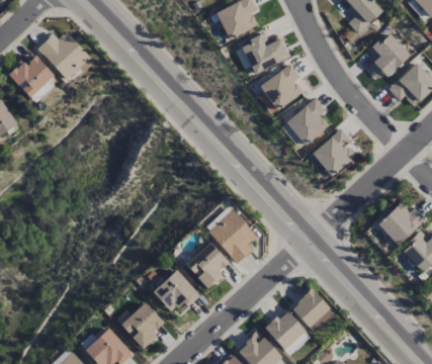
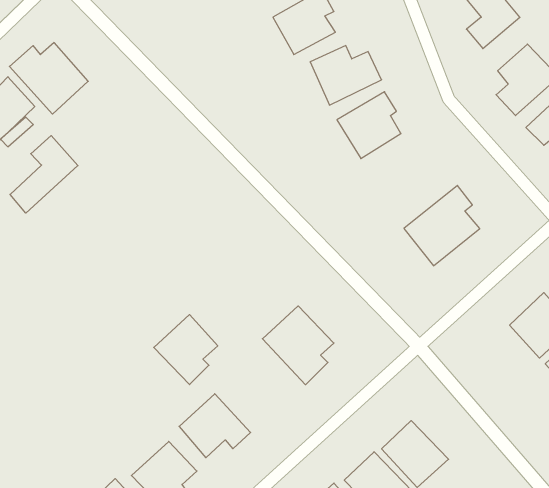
building: none -> [10,136,78,213]
building: [285,97,329,146] -> none
building: [185,242,229,289] -> [154,315,218,385]

